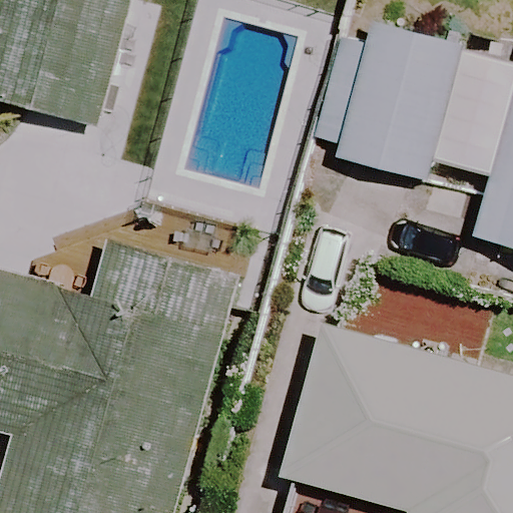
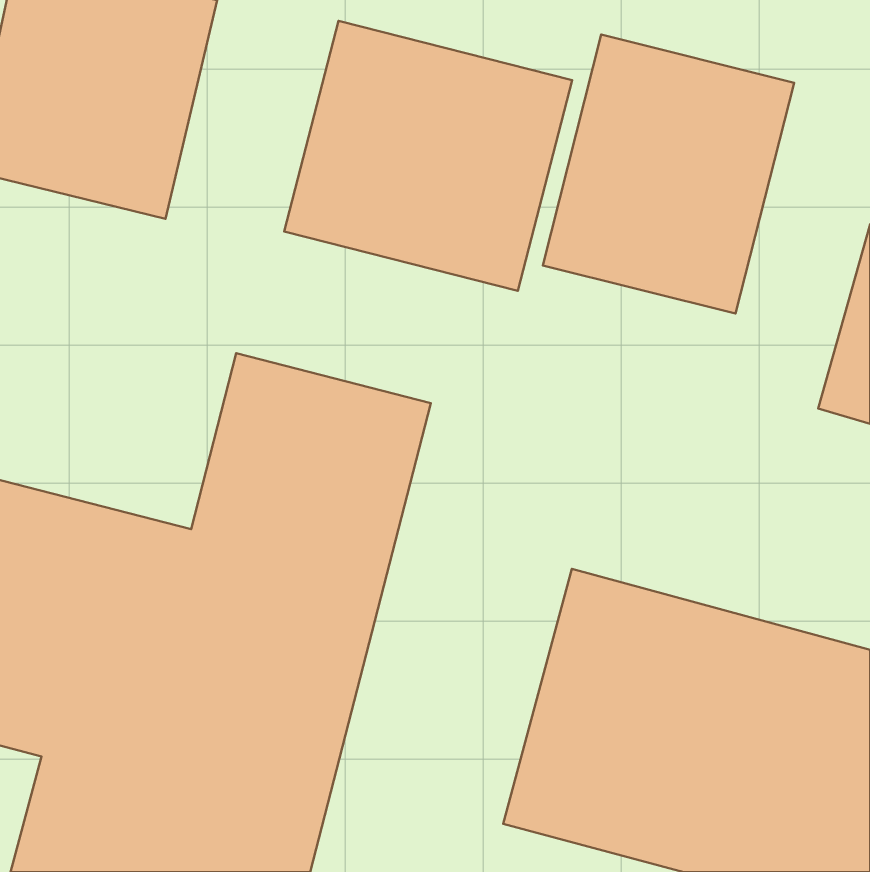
building: none -> [284,21,572,291]

